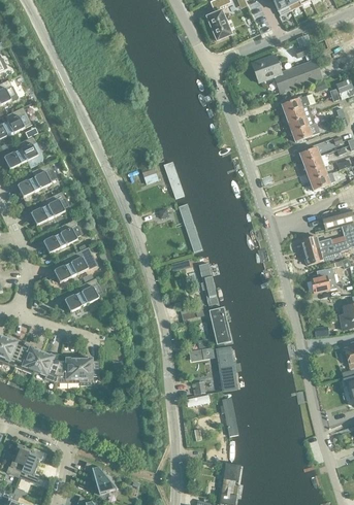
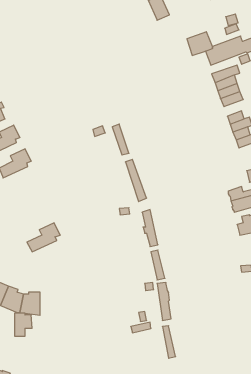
building: [43,218,82,254] -> none
building: [54,246,94,282] -> none
building: [79,359,100,385] -> [15,313,32,336]

